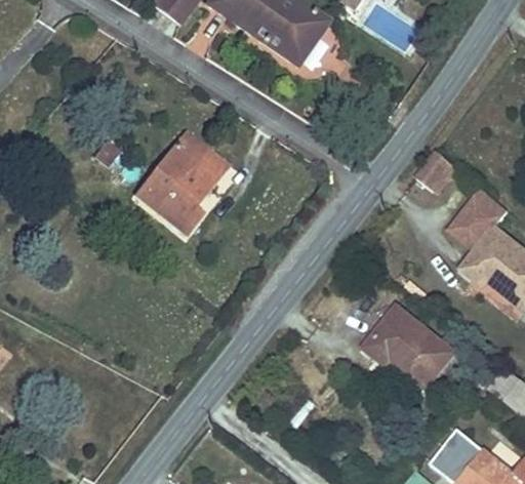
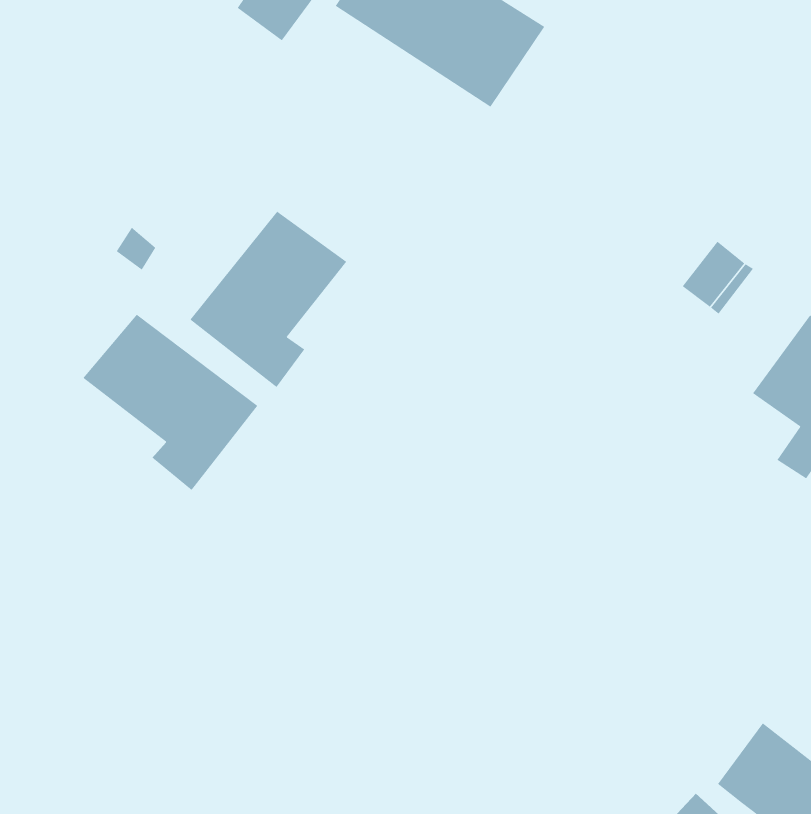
building: none -> [82,314,258,491]
building: [366,314,455,394] -> none

